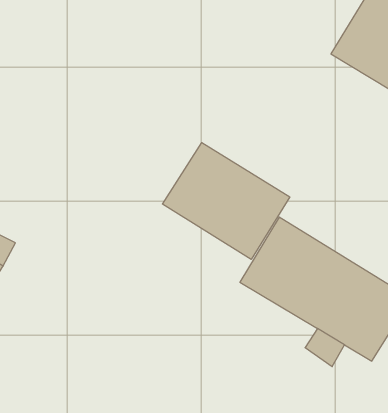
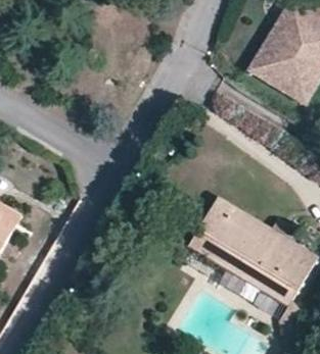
building: [162,143,290,259] -> none

